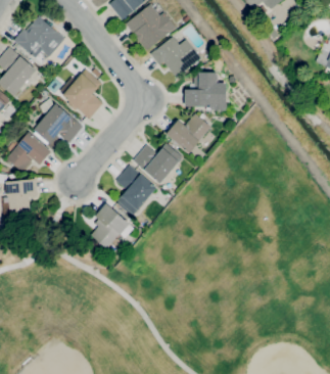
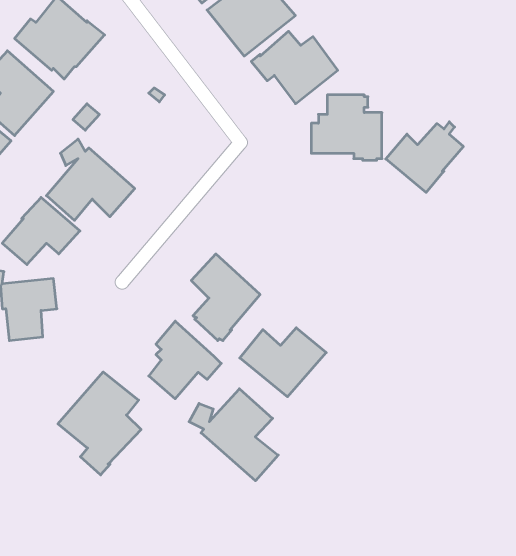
building: [60,68,104,119] -> none
building: [167,112,211,153] -> [386,122,463,192]
building: [134,143,184,183] -> [240,328,326,397]
building: none -> [58,372,141,475]
building: none -> [189,389,278,481]

